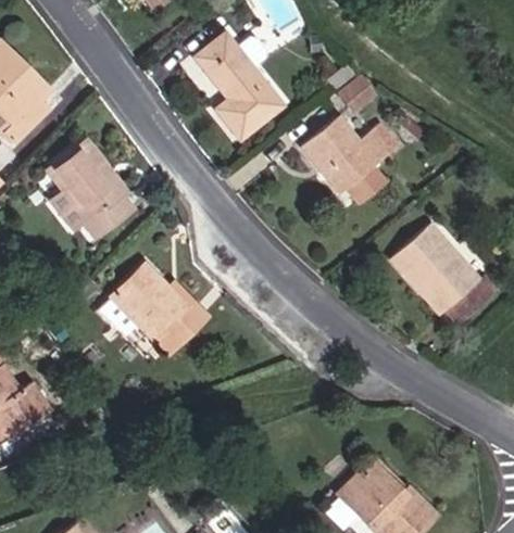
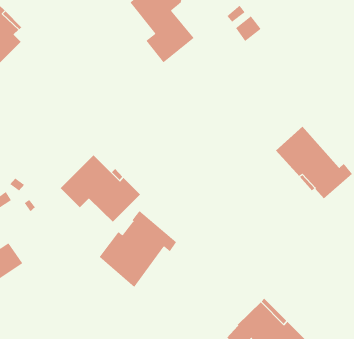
building: [301,117,397,204] -> none
building: [48,141,131,237] -> none
building: none -> [99,210,177,288]

